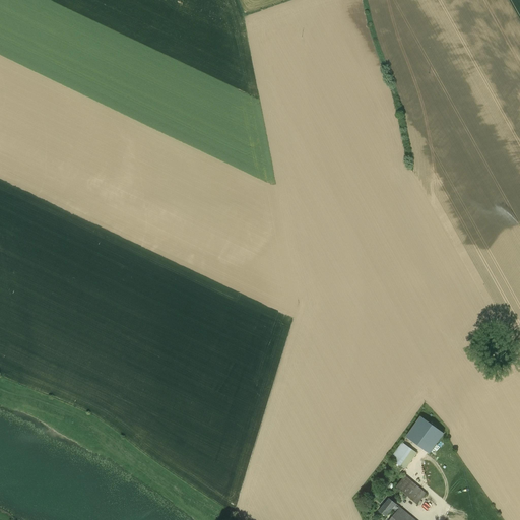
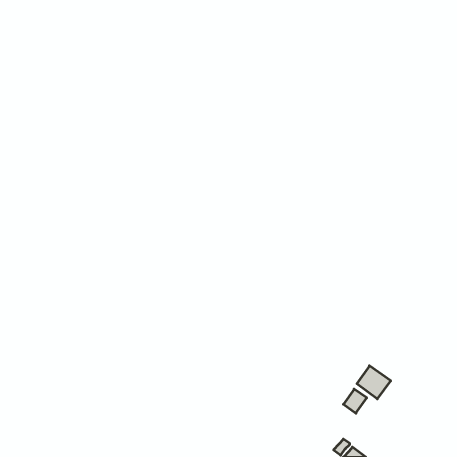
building: [396,476,427,505] -> none

